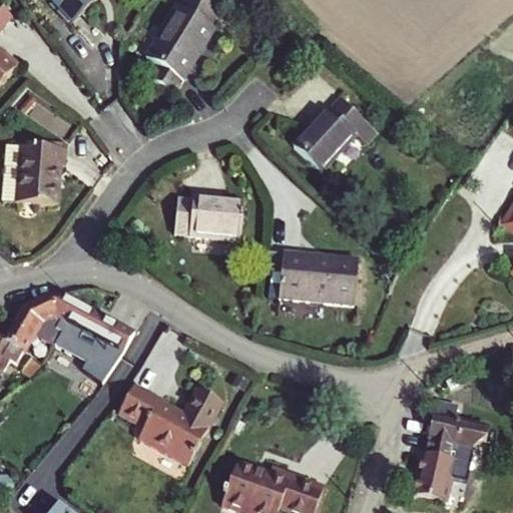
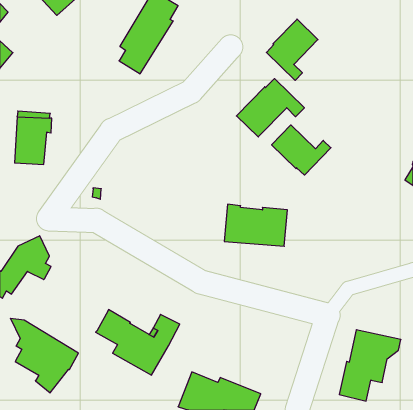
building: none -> [266,19,318,80]
building: none -> [272,125,331,175]
building: [173,195,241,238] -> none
building: [49,292,133,384] -> [10,318,78,393]

